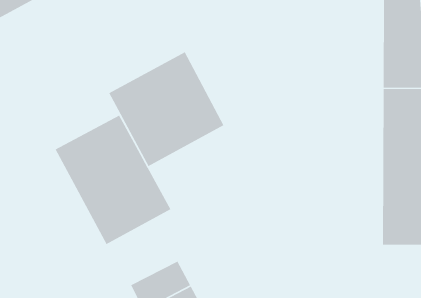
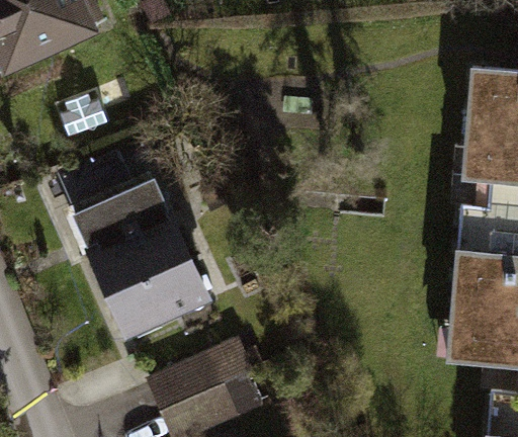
building: [108,51,225,167] -> none

